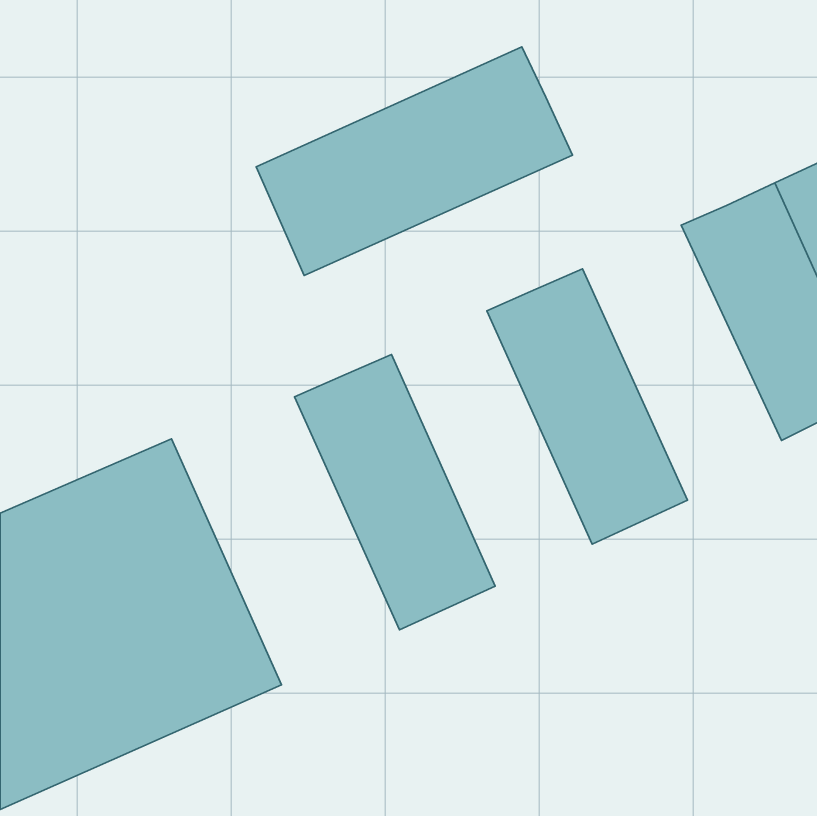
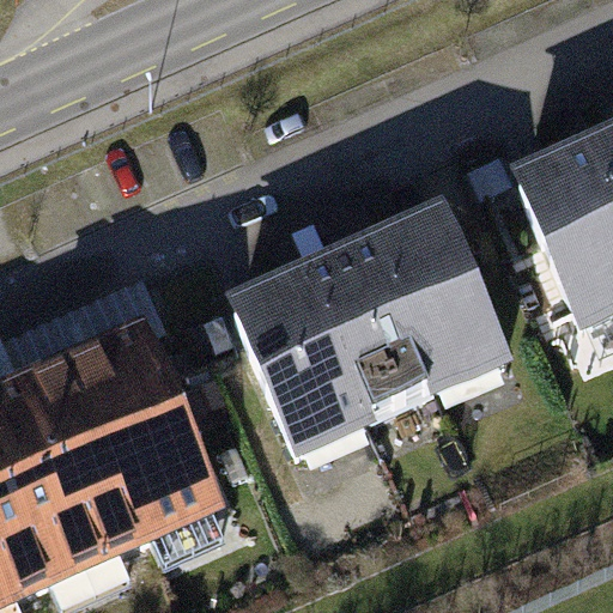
building: [256,47,573,276] -> none
building: none -> [297,230,445,433]

